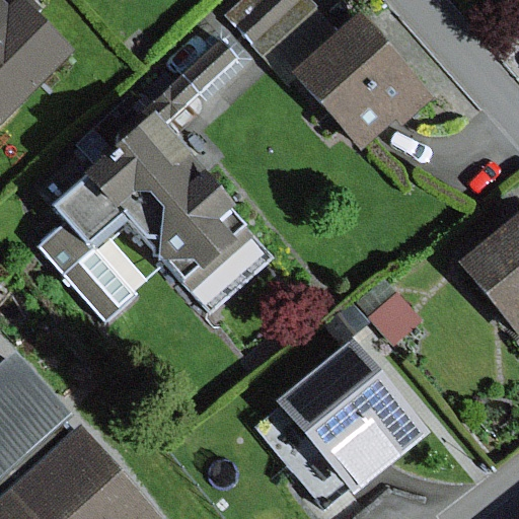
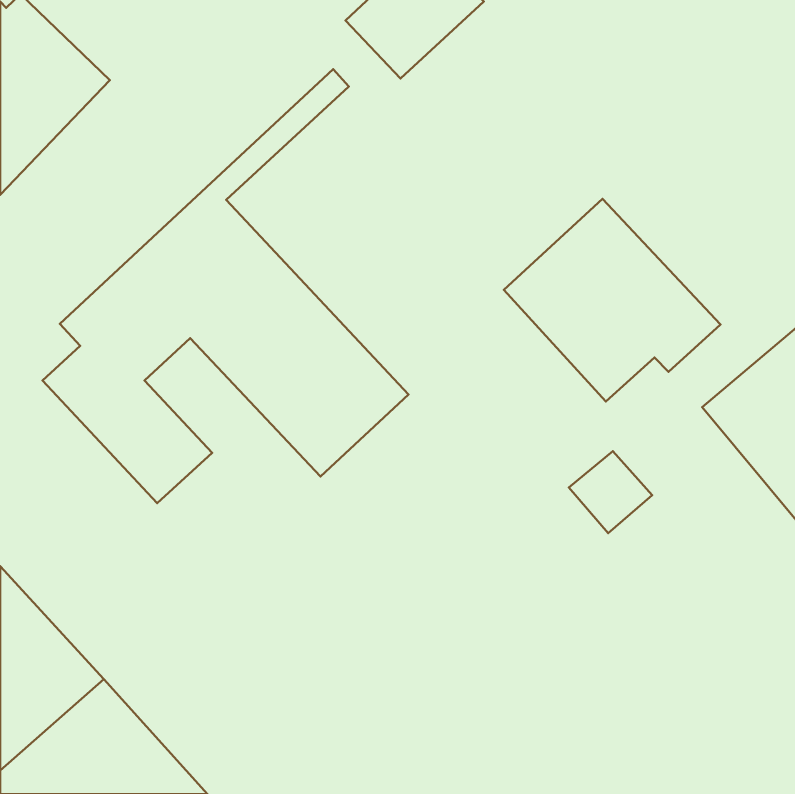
building: [296,15,436,146] -> [504,199,720,402]
building: [275,338,430,497] -> none

